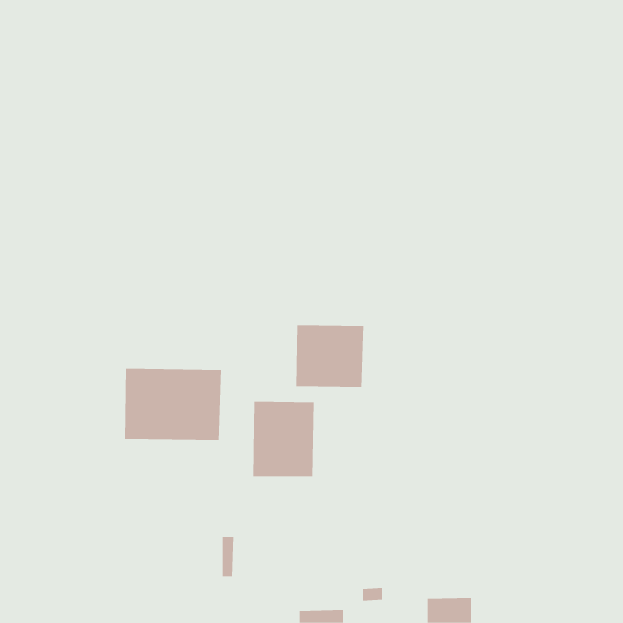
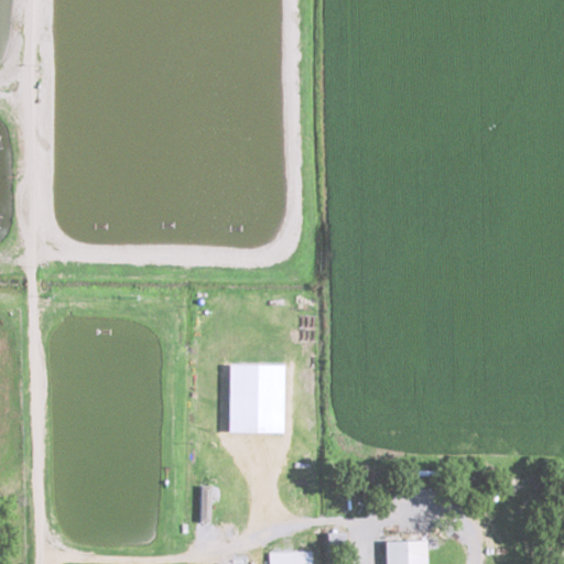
building: [296,324,364,388] -> none
building: [125,368,221,441] -> none

